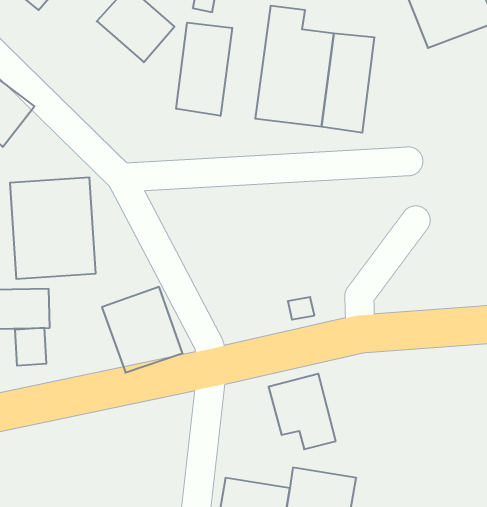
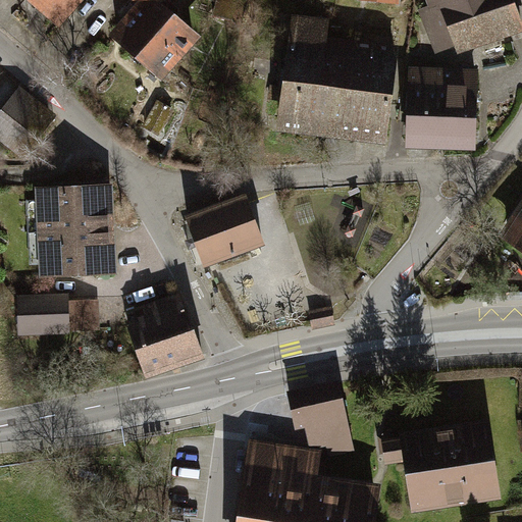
building: [176,23,232,116] -> none
building: none -> [408,69,472,145]
building: none -> [186,198,260,263]
building: [15,328,46,366] -> [71,295,103,332]
building: none -> [400,421,499,509]
building: none -> [247,443,318,497]

